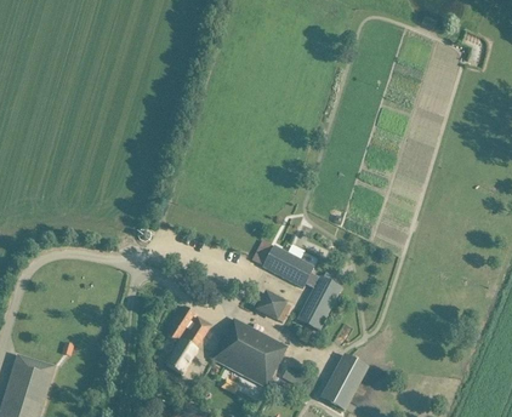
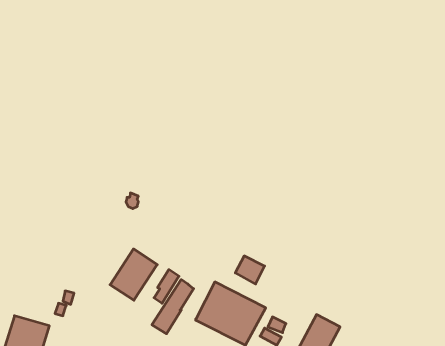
building: [251,240,342,331] -> none
building: none -> [110,249,157,300]

